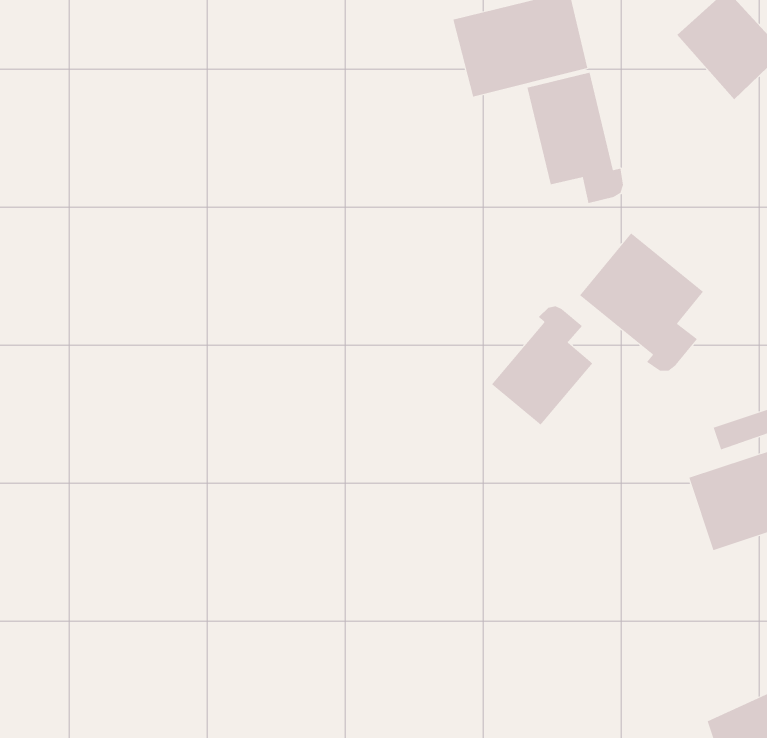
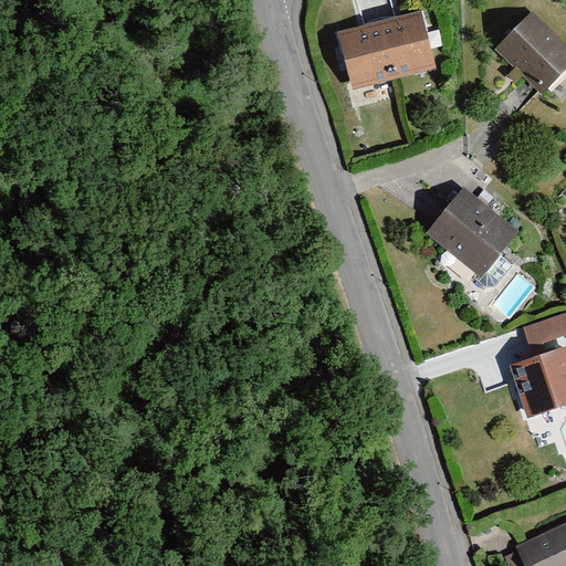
building: [527,72,624,204] -> none
building: [491,305,593,425] -> none

